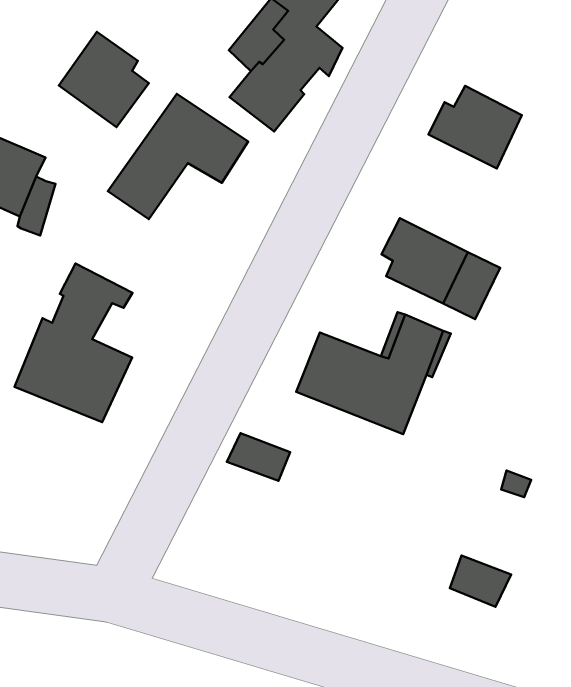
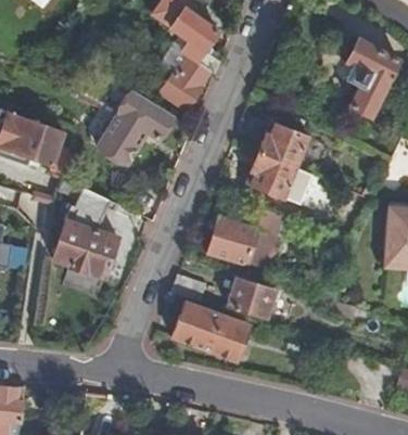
building: [59,32,149,127] -> none
building: [429,86,522,168] -> [258,123,309,167]
building: none -> [228,278,276,317]
building: none -> [174,303,256,361]

